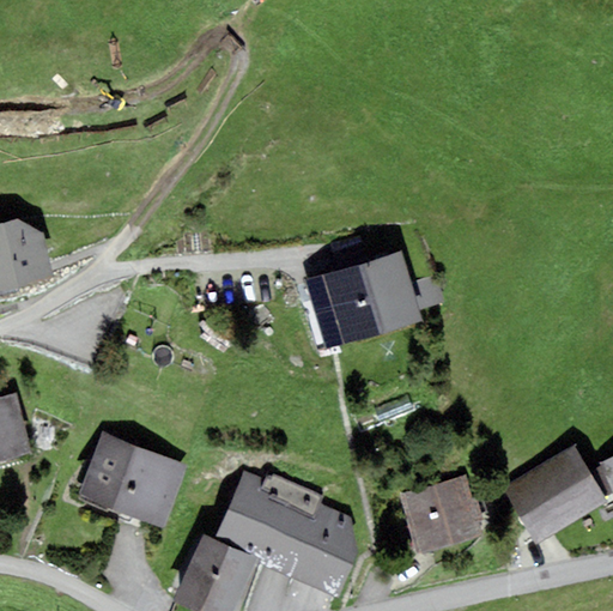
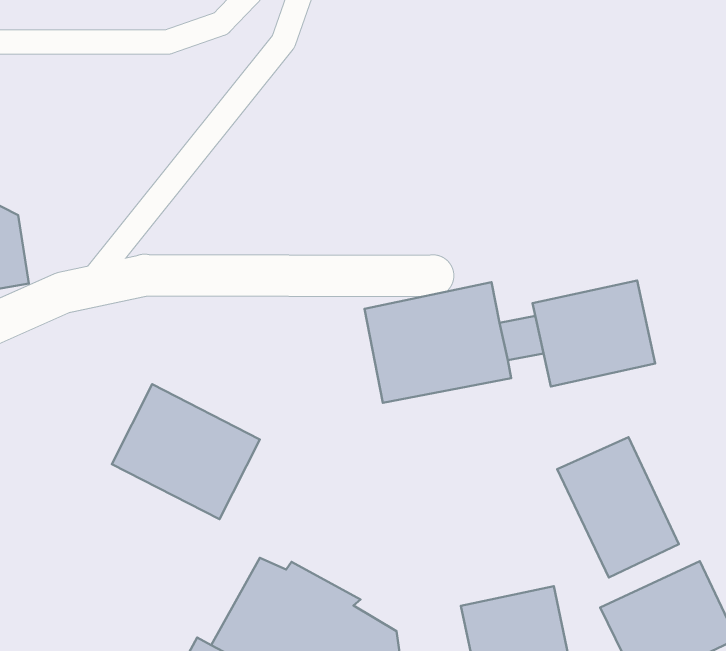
building: none -> [533,280,655,386]
building: none -> [557,437,679,577]
building: [77,432,186,530] -> [112,384,260,519]

